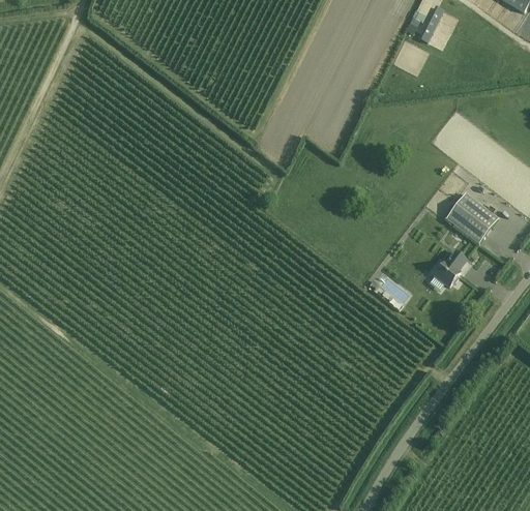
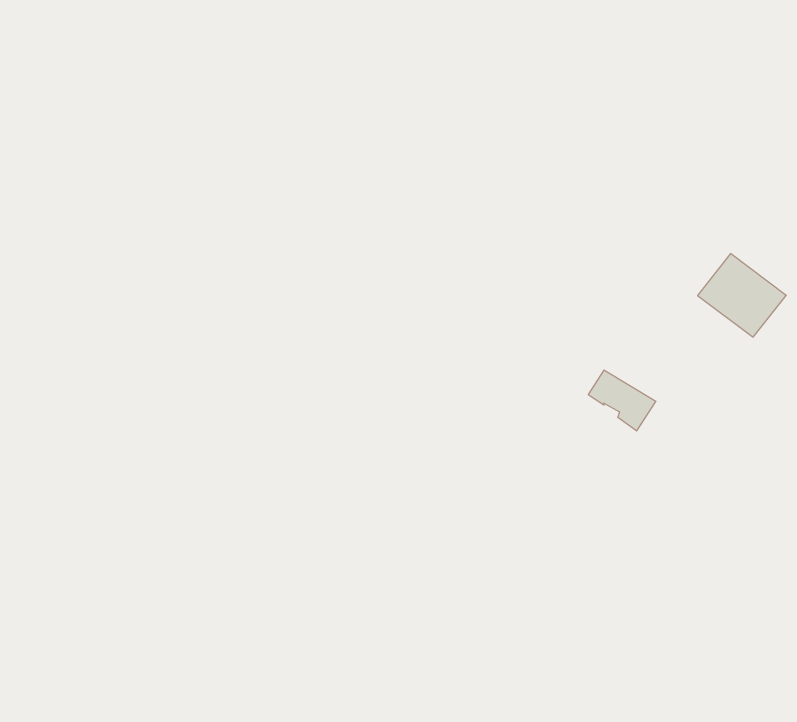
building: [434,252,465,288] -> none

